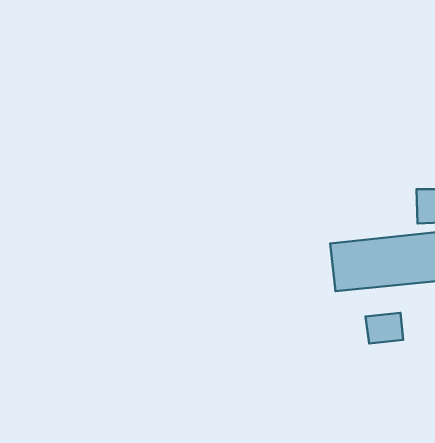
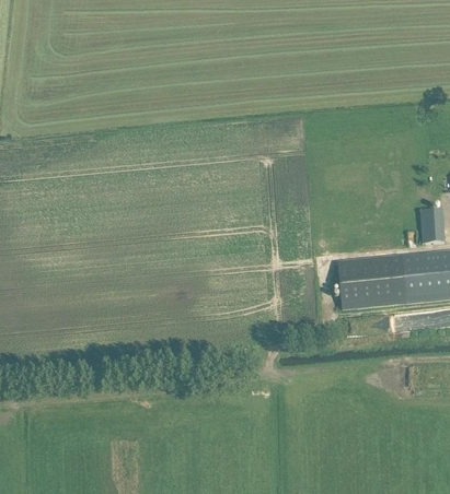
building: [366,313,403,344] -> none

